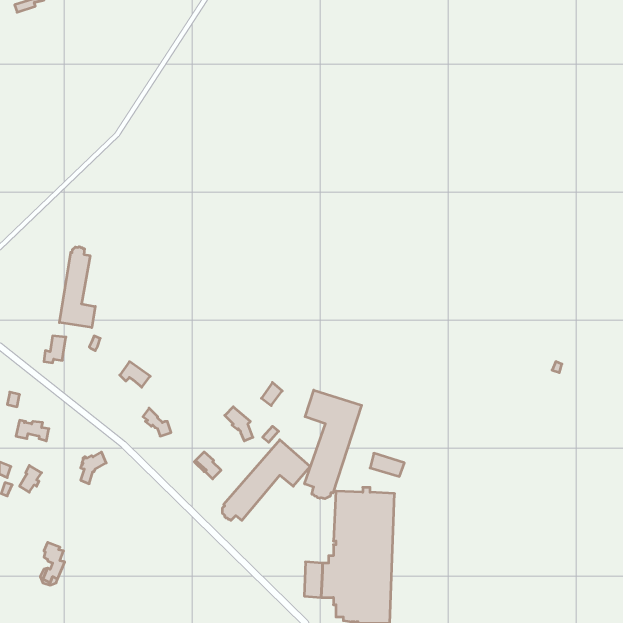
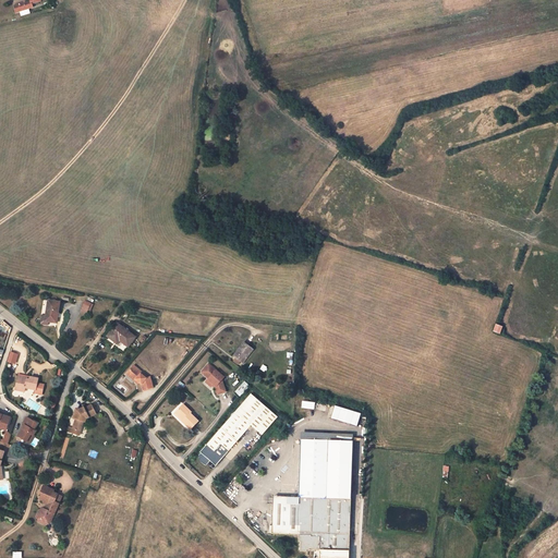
building: [59,247,95,328] -> none
building: [305,390,362,499] -> none

